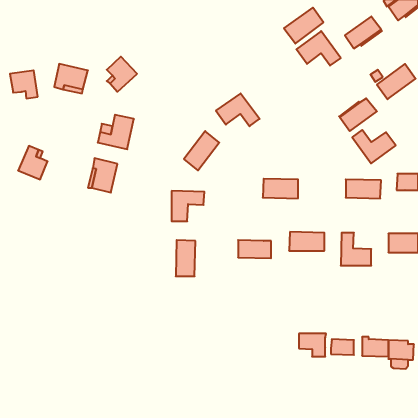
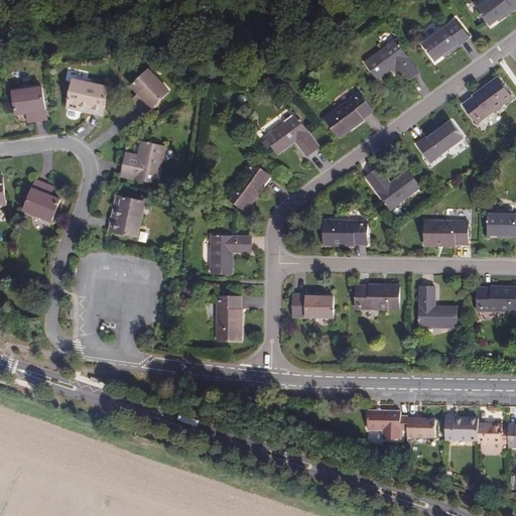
building: [284,8,323,44] -> [324,92,372,136]
building: [352,130,396,163] -> [366,167,419,209]

